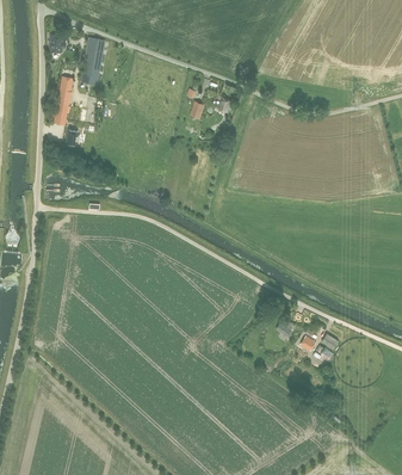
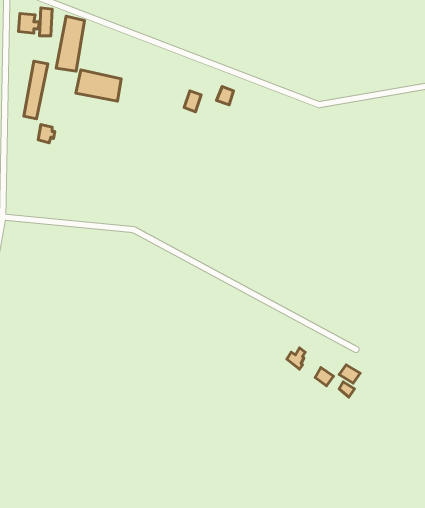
building: none -> [76,70,121,101]

